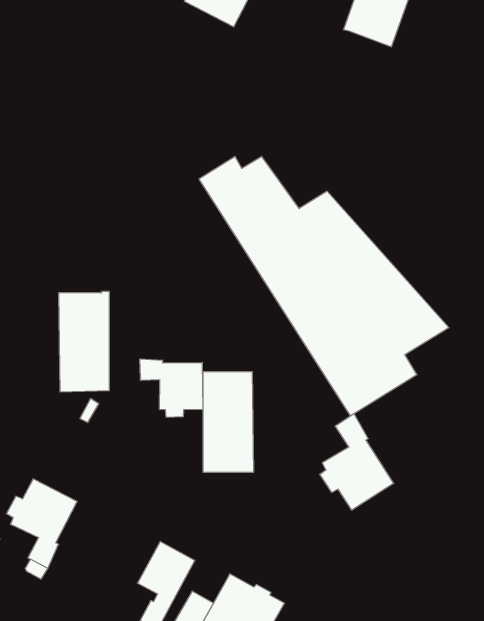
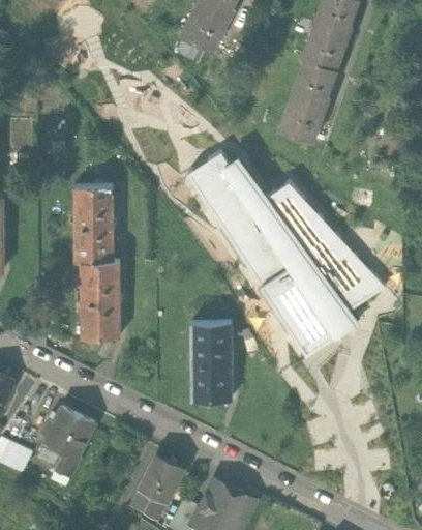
building: none -> [278,59,342,146]
building: none -> [74,185,114,263]
building: [140,359,203,417] -> none
building: [320,413,394,510] -> none

